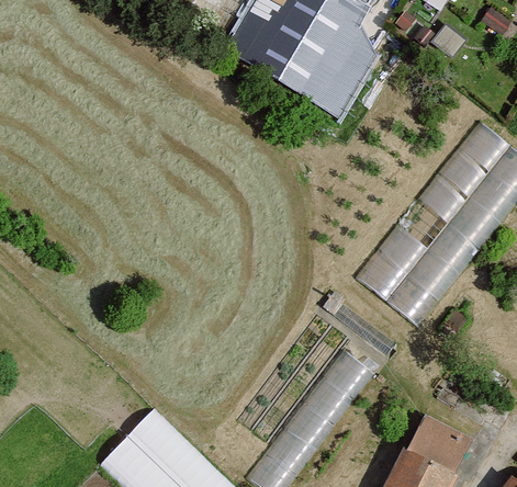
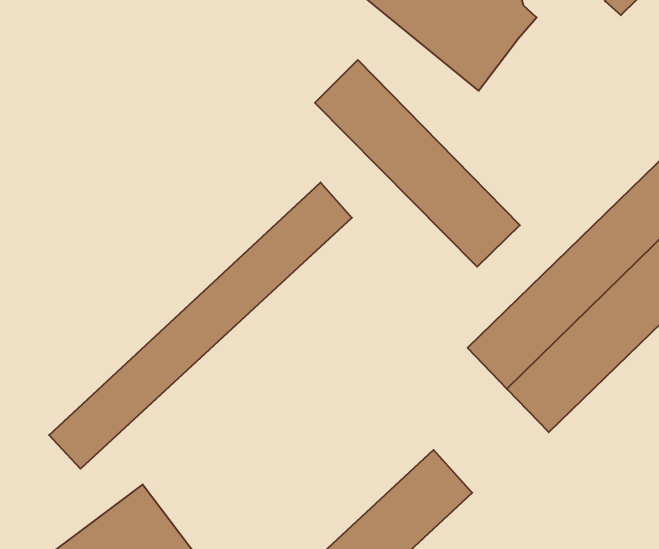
building: none -> [315,60,520,267]
building: none -> [49,182,352,469]

